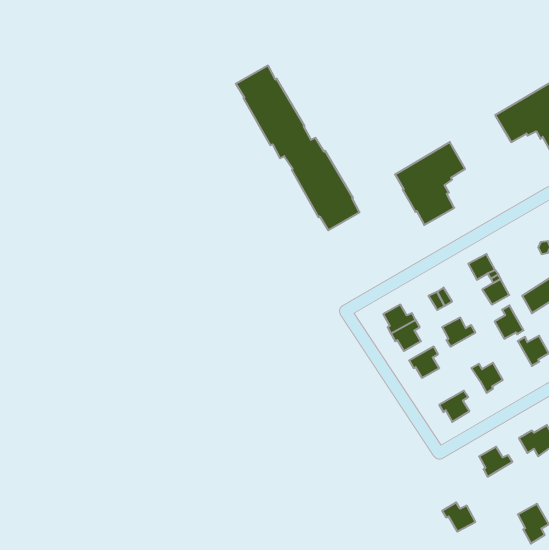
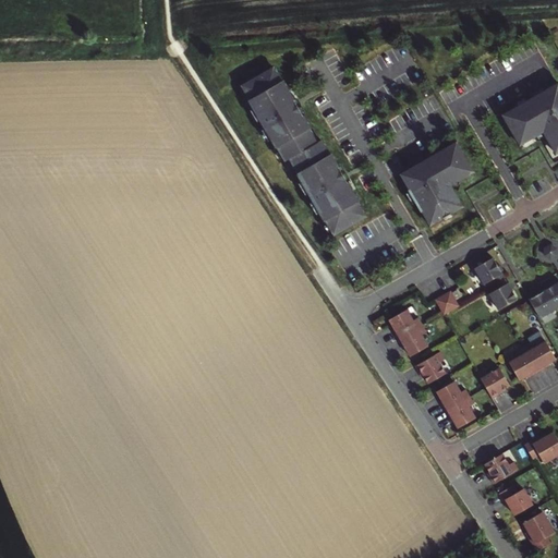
building: [495,305,524,339] -> [510,345,539,379]
building: [442,318,475,347] -> [437,380,471,410]
building: [442,502,475,531] -> [500,484,534,513]

